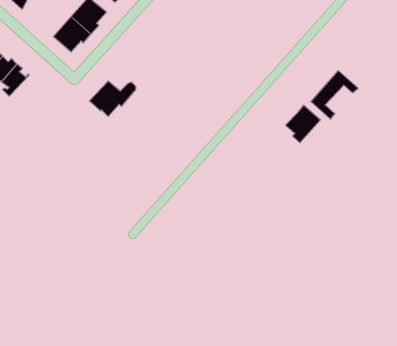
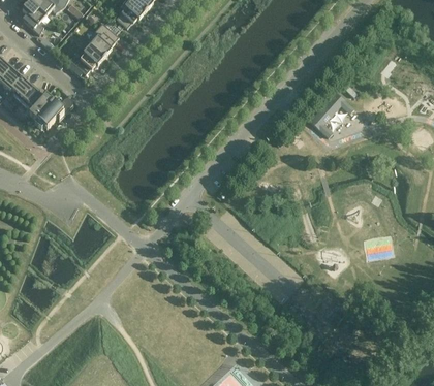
building: [89,81,136,116] -> [28,95,71,128]
building: [286,105,320,143] -> none

